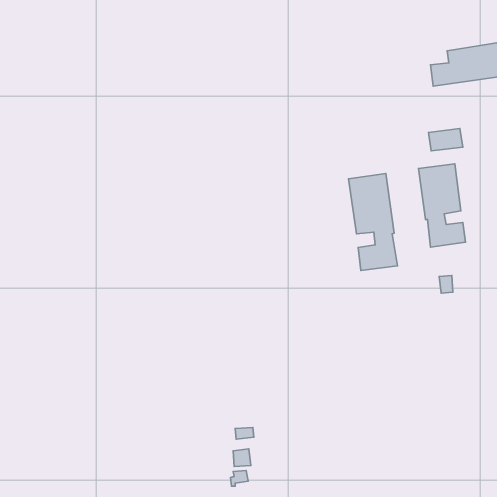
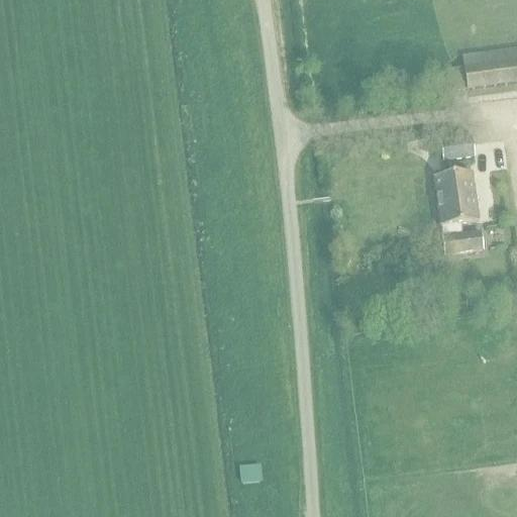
building: [348,174,397,271] -> none

